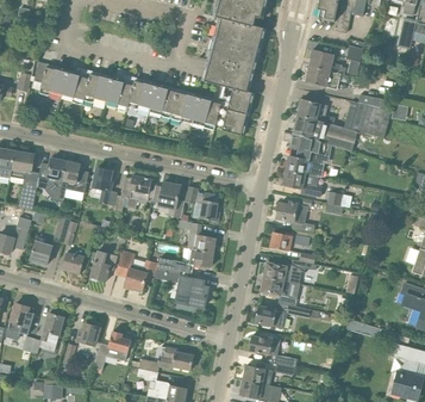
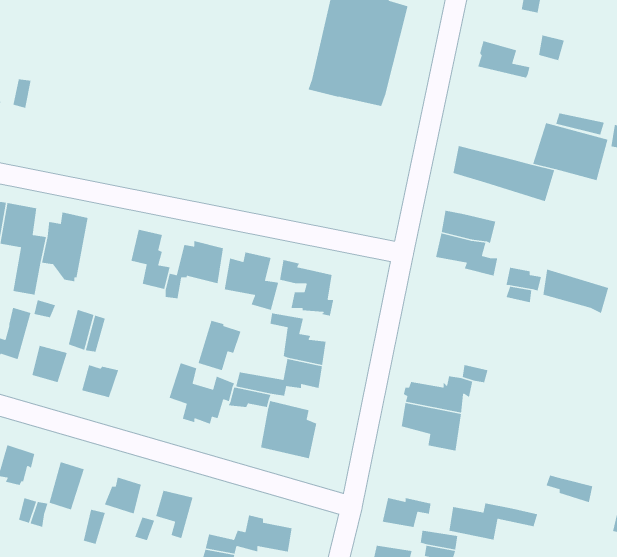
building: [39,64,223,130] -> none
building: [306,66,340,88] -> none
building: [221,85,255,136] -> none
building: [298,98,336,124] -> none
building: [292,137,333,166] -> [543,268,609,314]
building: [60,160,89,199] -> none
building: [276,198,312,223] -> none
building: [270,231,313,251] -> none
building: [90,249,118,282] -> [198,320,241,371]
building: [256,303,312,327] -> [449,502,538,541]

